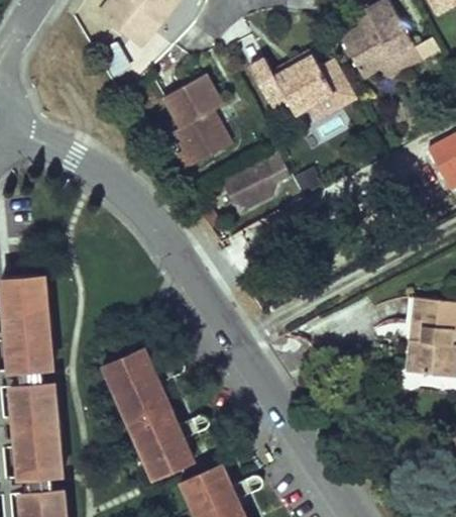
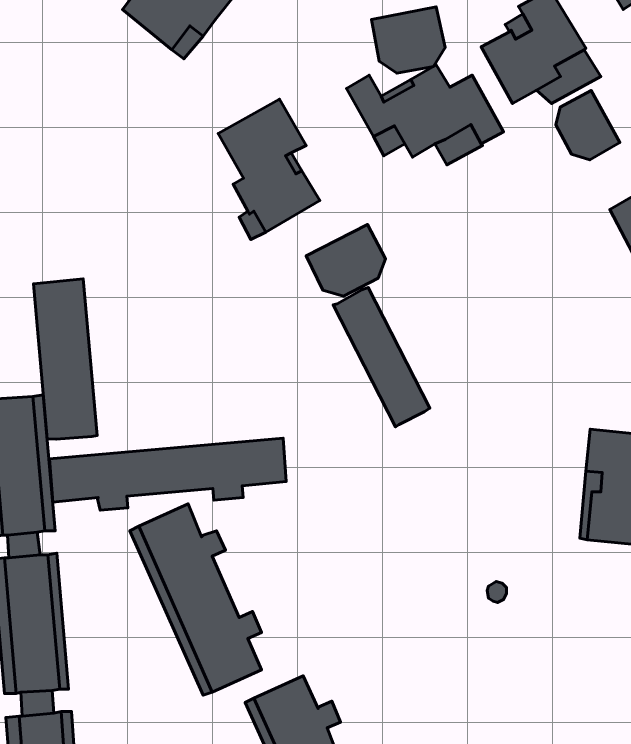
building: none -> [371,7,445,73]
building: none -> [556,90,620,160]
building: none -> [34,279,97,439]
building: none -> [333,287,430,427]
building: none -> [50,438,286,510]

